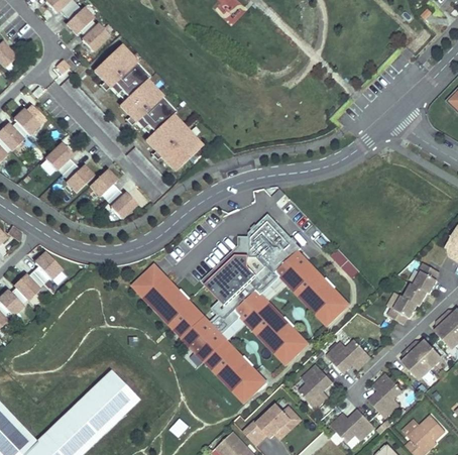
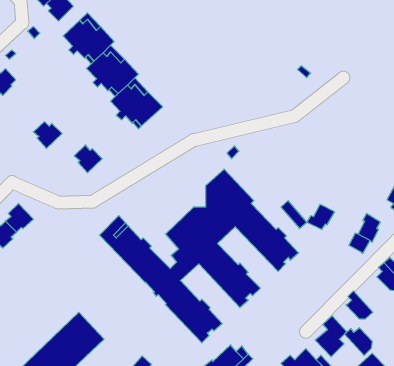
building: [45,142,75,174] -> none
building: [90,168,119,200] -> none
building: [202,236,249,285] -> none
building: [387,296,418,323] -> [307,205,335,230]
building: [327,339,371,372] -> none
building: [410,339,440,369] -> [345,328,372,356]
building: [299,364,333,409] -> none

